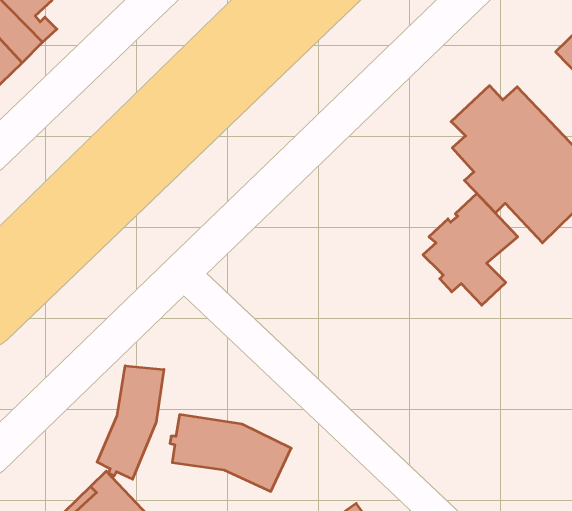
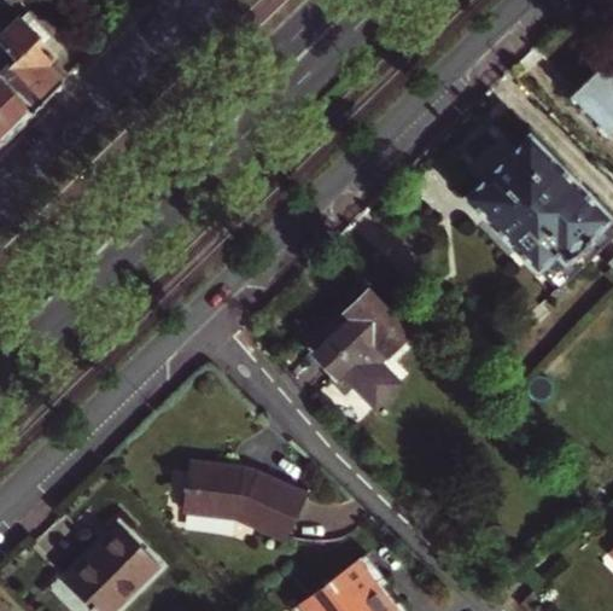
building: [423,193,518,305] -> [315,291,410,403]
building: [97,366,164,479] -> none

